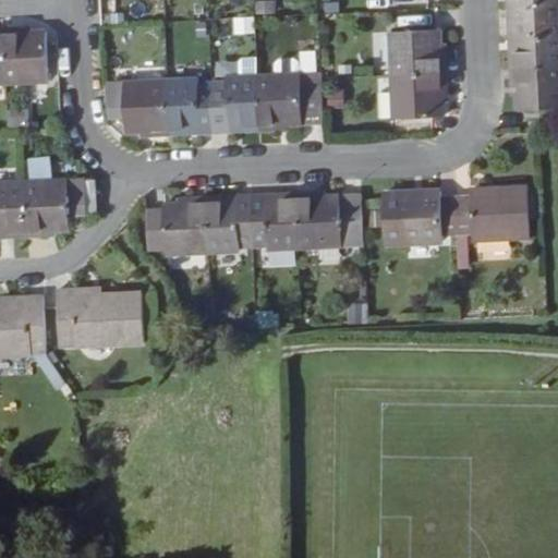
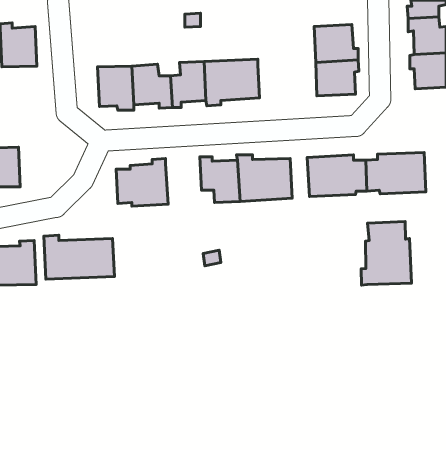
building: [23,179,84,236] -> none
building: [205,194,250,253] -> none
building: none -> [361,222,412,285]

